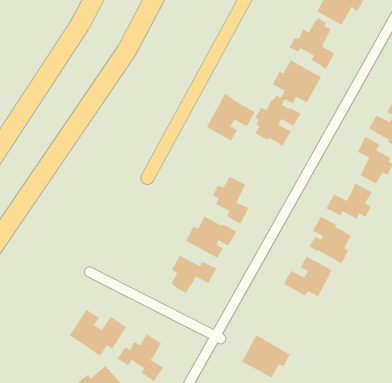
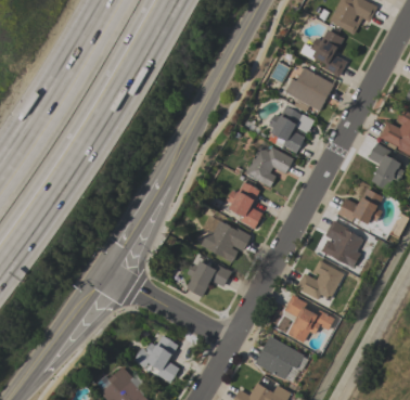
building: [206,93,256,142] -> [245,140,294,188]
building: none -> [284,294,335,343]
building: [69,309,127,357] -> none

